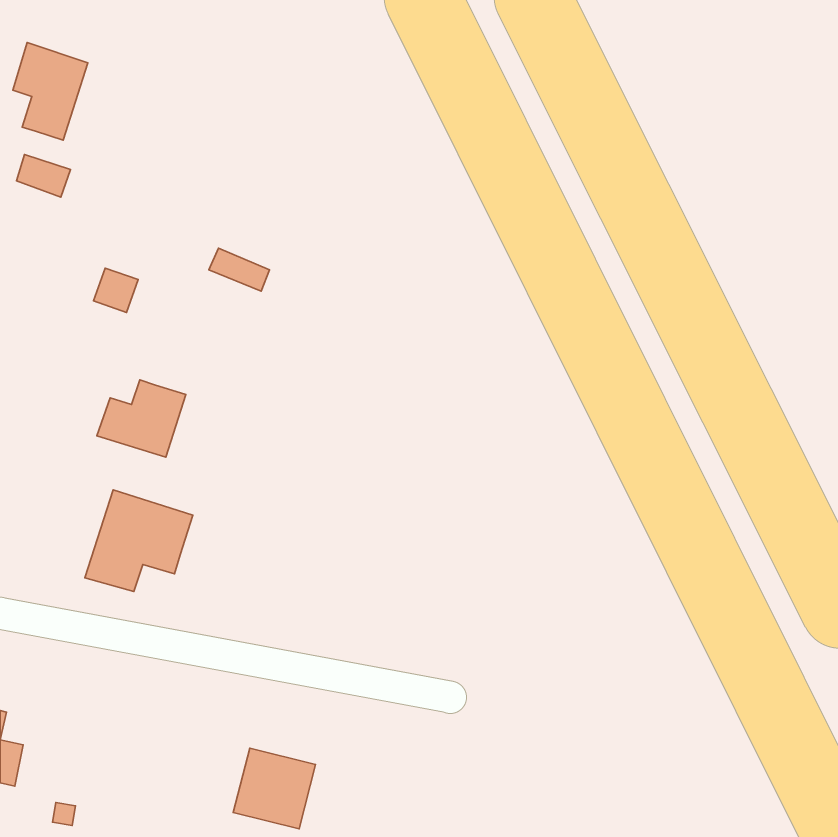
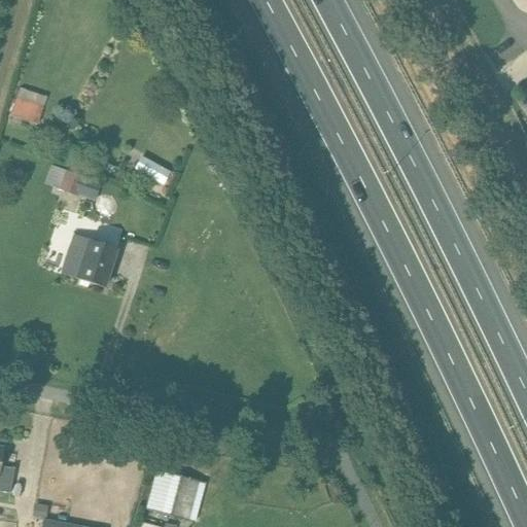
building: [13,43,88,140] -> none
building: [85,490,193,592] -> none

